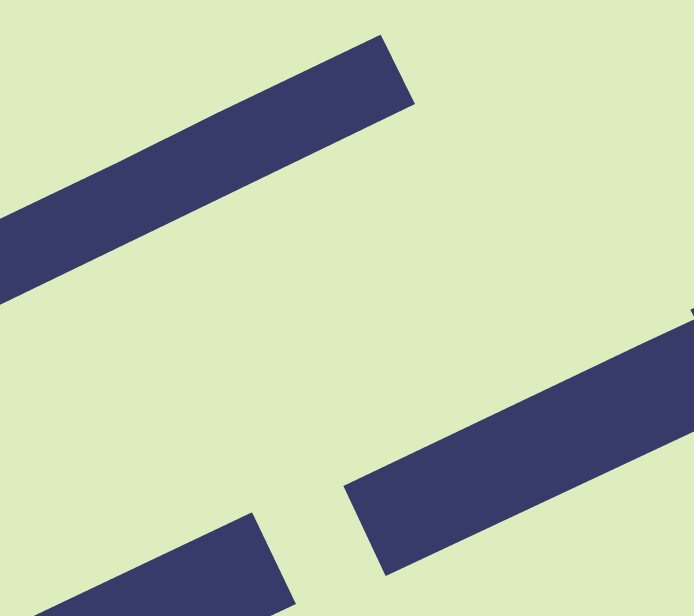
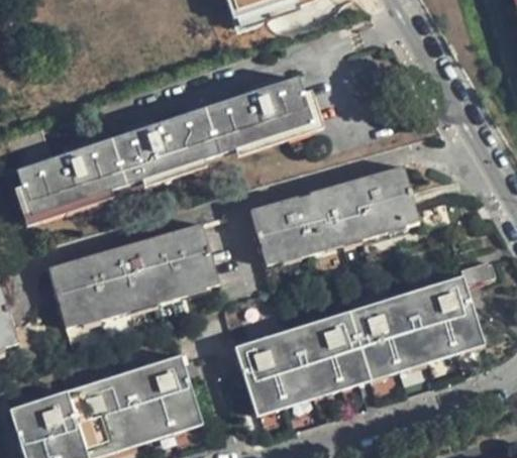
building: none -> [250,167,419,265]
building: none -> [47,225,217,323]

